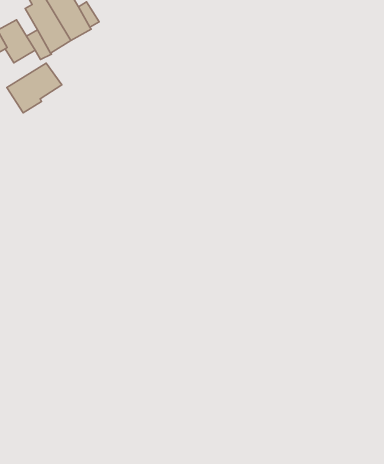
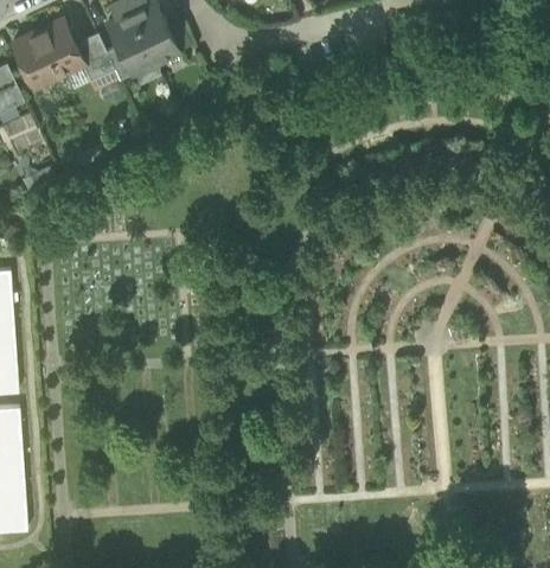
building: [7,63,62,113] -> none

